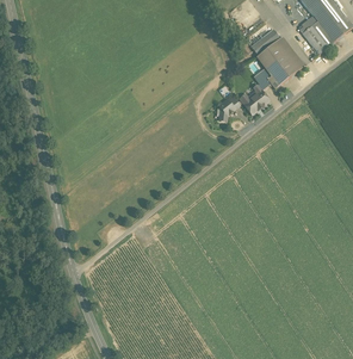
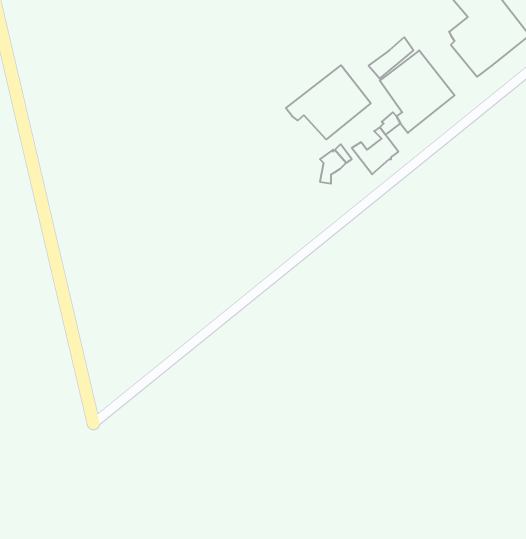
building: none -> [286,65,371,139]

